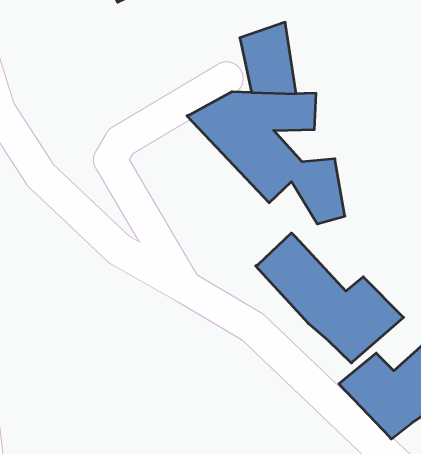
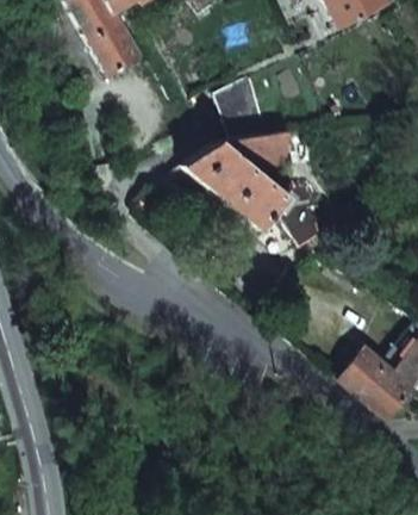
building: [256,233,404,363] -> none

